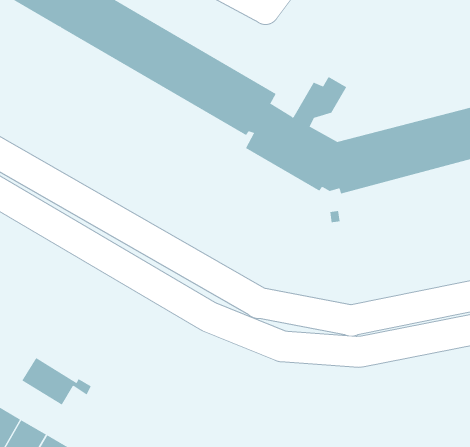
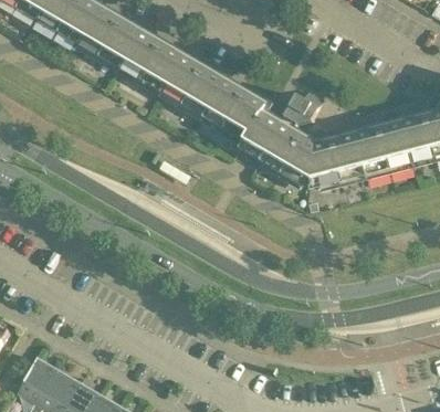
building: [22,357,92,405] -> none

